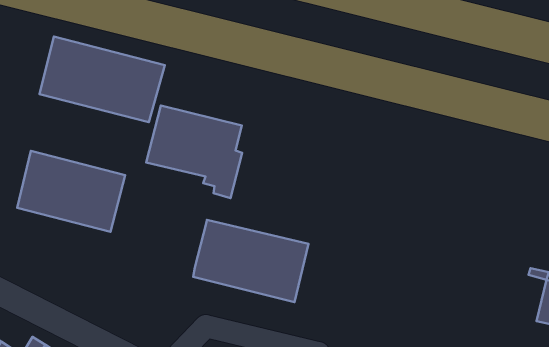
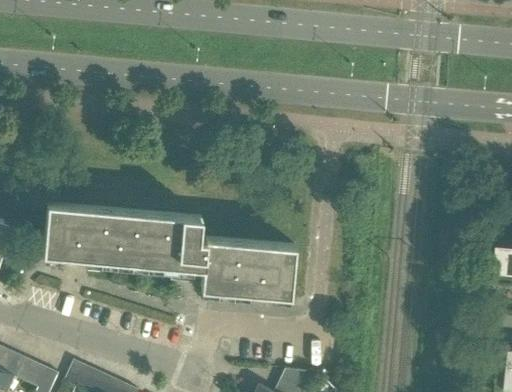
building: [39,37,165,122] -> none
building: [146,106,242,198] -> [125,212,205,281]

